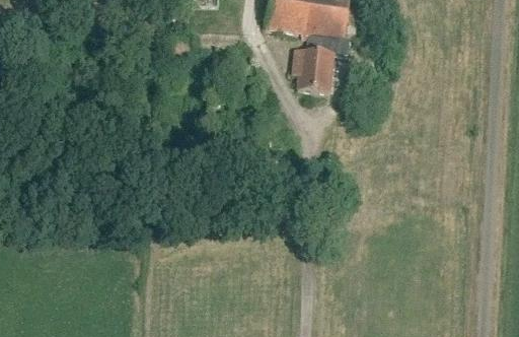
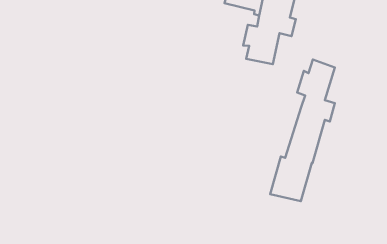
building: none -> [270,59,335,201]

